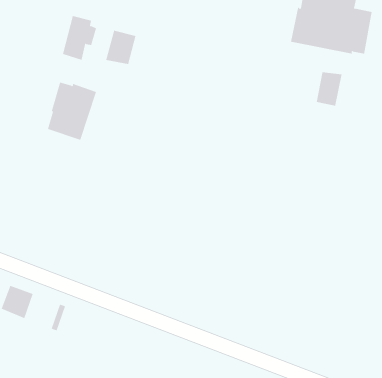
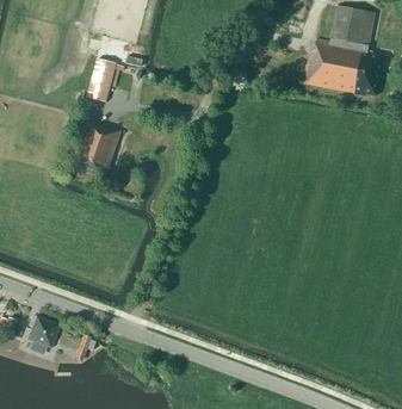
building: [106,30,136,65] -> none
building: [316,71,342,106] -> none

